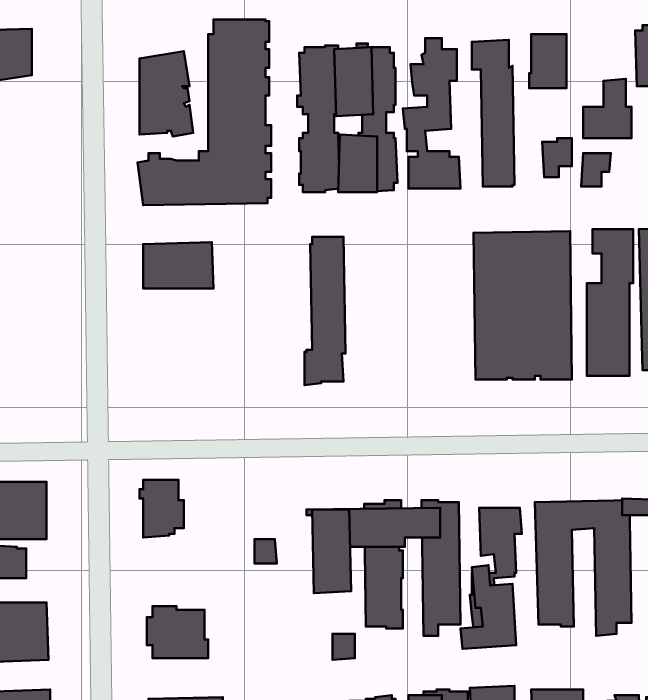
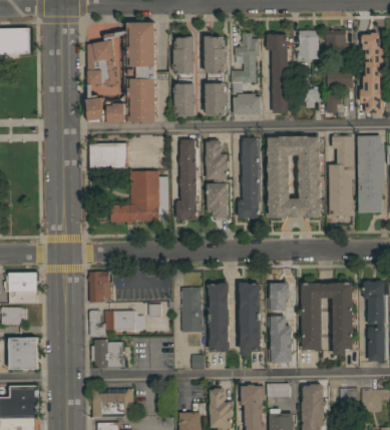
building: none -> [325,31,346,53]
building: none -> [238,138,261,220]
building: none -> [206,140,229,218]
building: none -> [110,170,168,225]
building: none -> [89,311,144,337]

